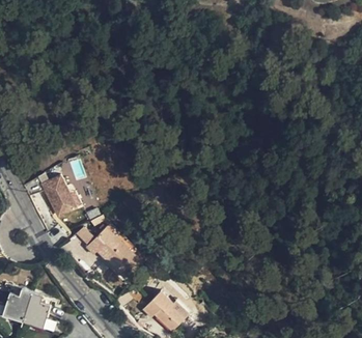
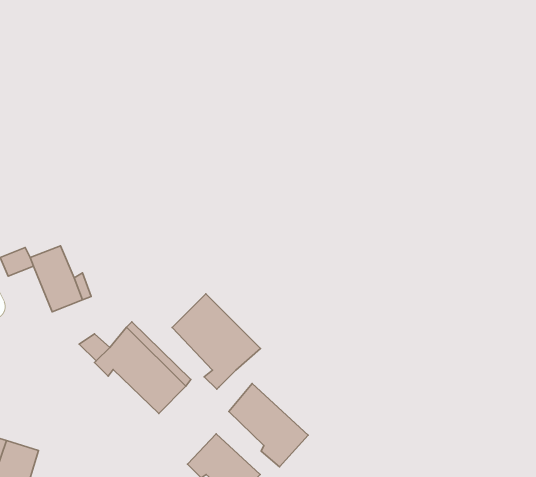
building: none -> [172,294,260,389]
building: none -> [229,384,308,467]

